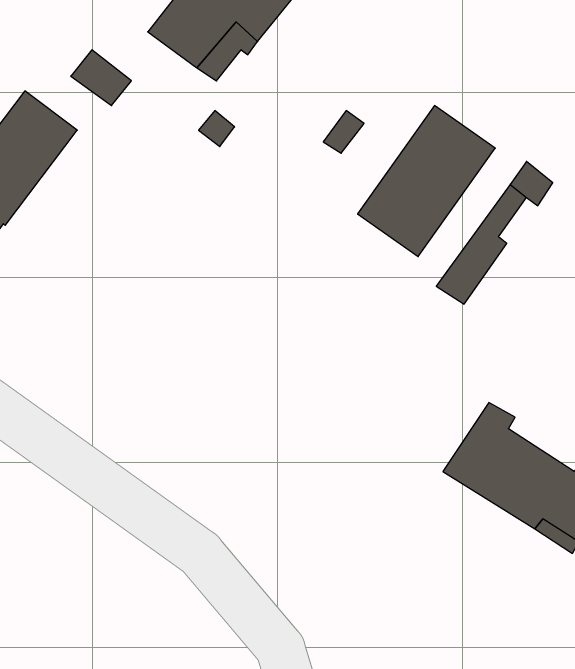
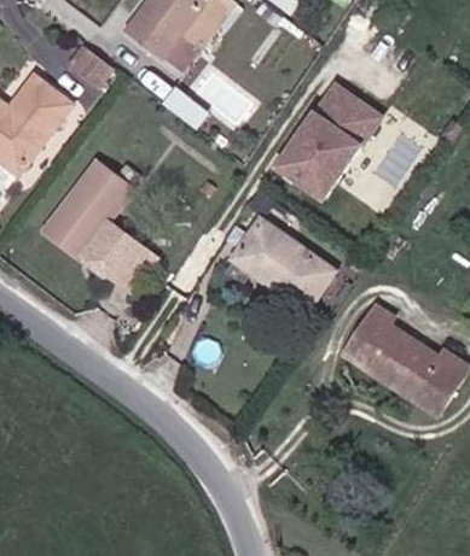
building: none -> [45,160,153,288]
building: none -> [231,216,336,309]

